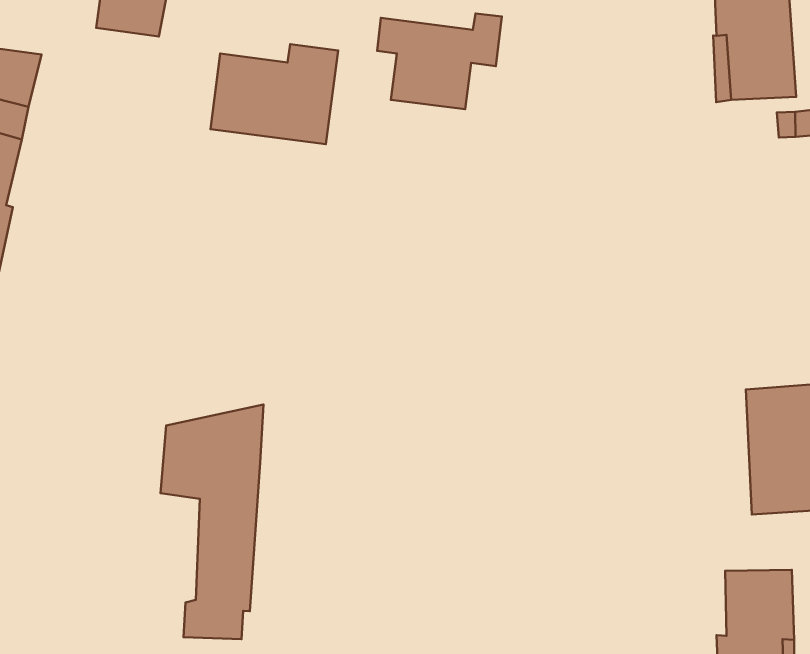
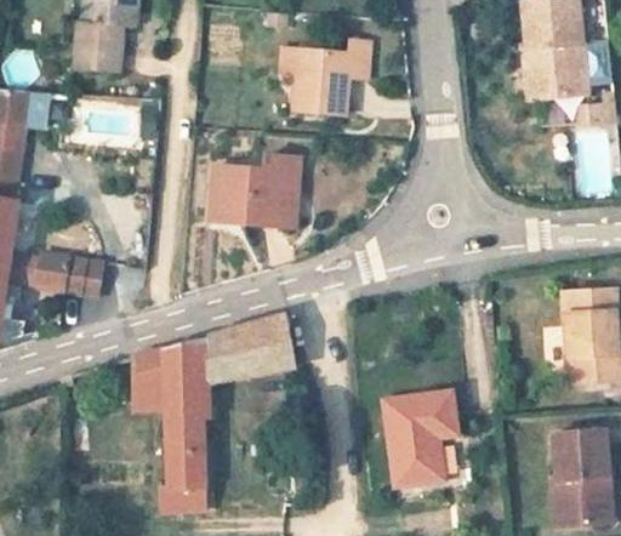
building: [211,44,338,144] -> [209,155,298,227]
building: none -> [42,255,107,289]
building: none -> [210,313,294,378]
building: none -> [386,393,455,485]

